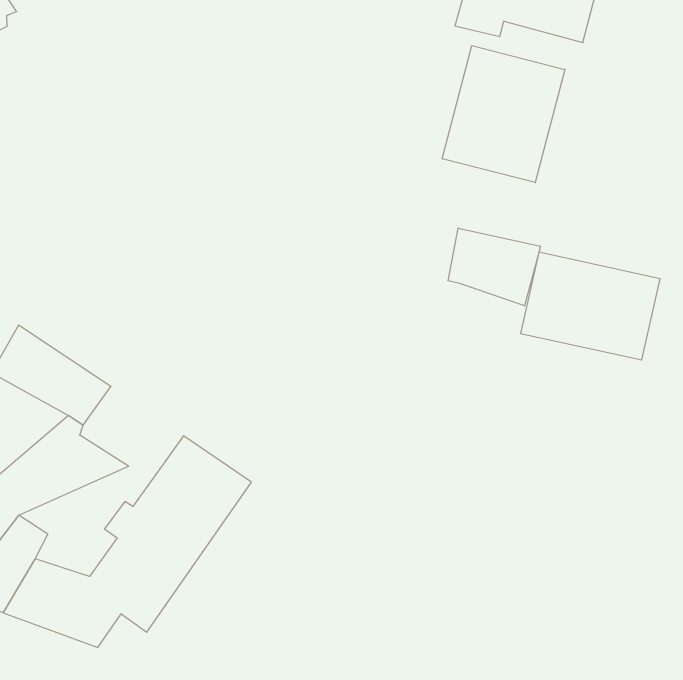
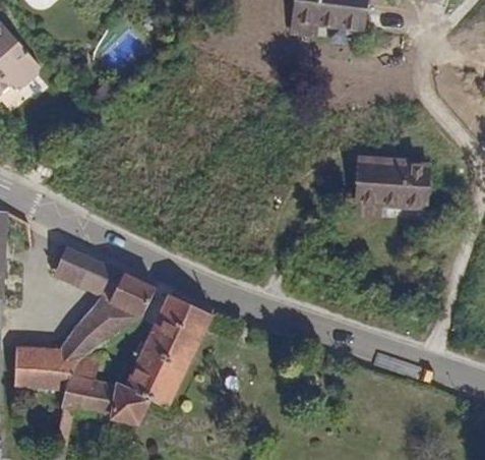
building: [442,46,565,183] -> none
building: [448,228,540,306] -> none
building: none -> [111,273,155,317]

